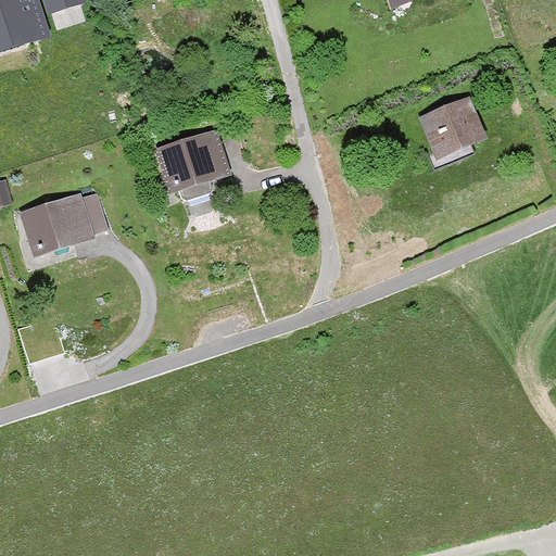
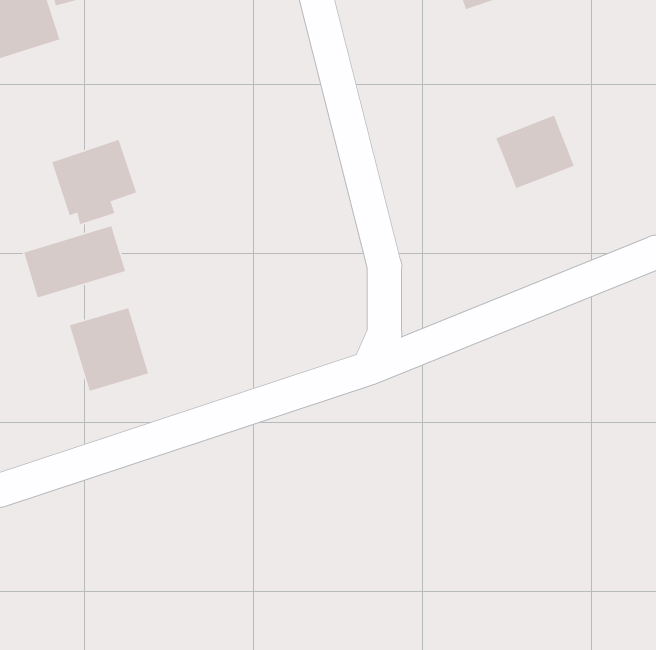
building: [156,128,229,201] -> [51,139,137,225]
building: none -> [69,307,149,392]

